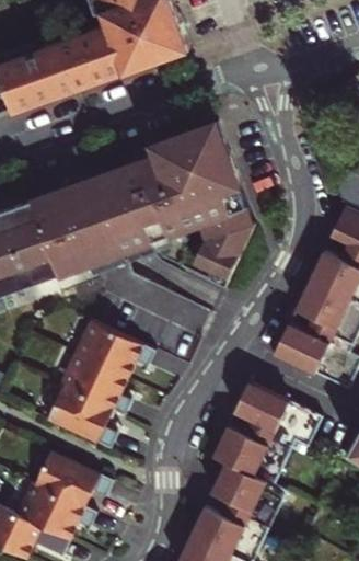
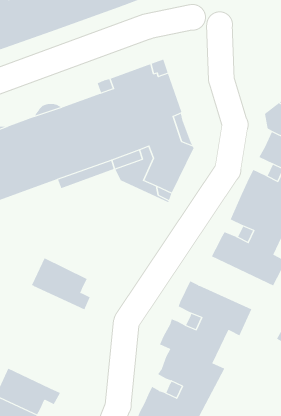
building: [76,321,154,379] -> none
building: [47,388,116,450] -> none
building: [33,451,111,508] -> none

